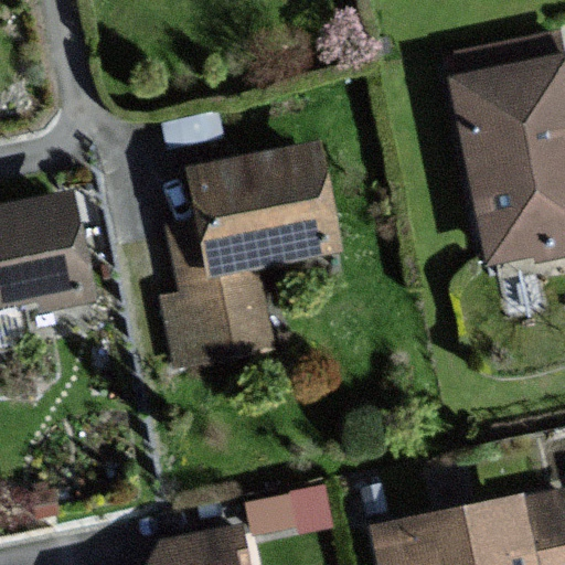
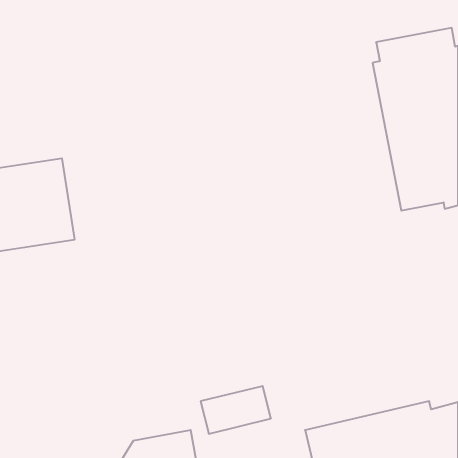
building: [167,146,340,363] -> none

